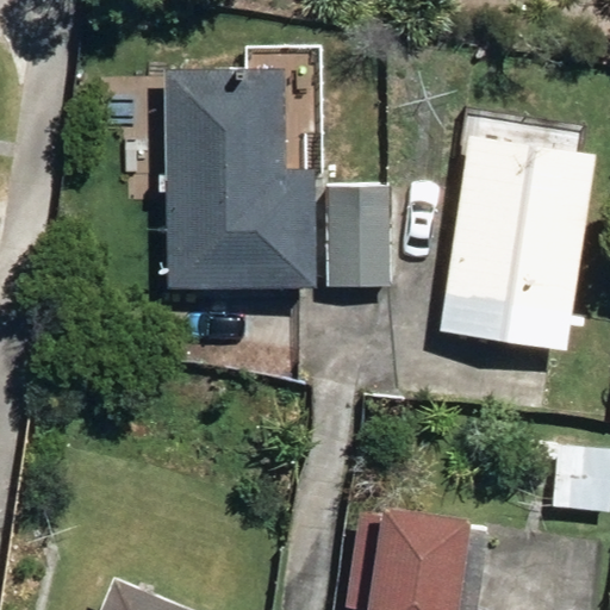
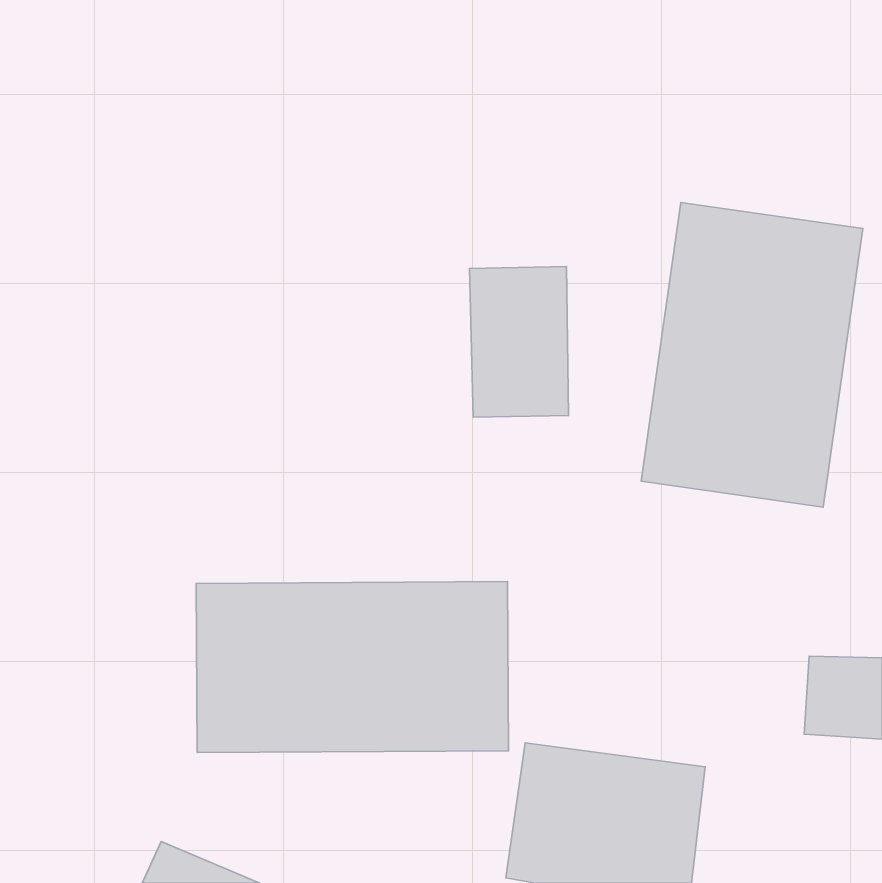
building: [168,70,312,287] -> none
building: none -> [196,582,509,752]

